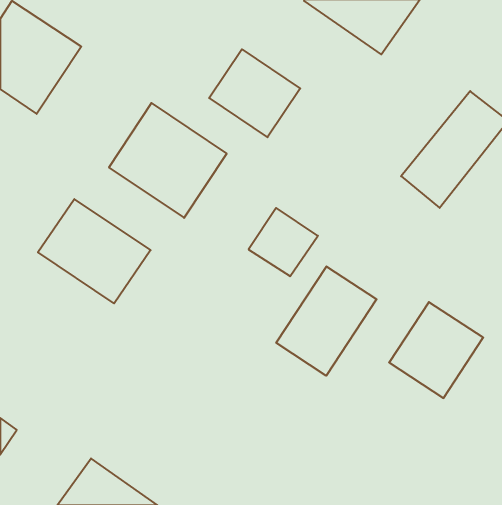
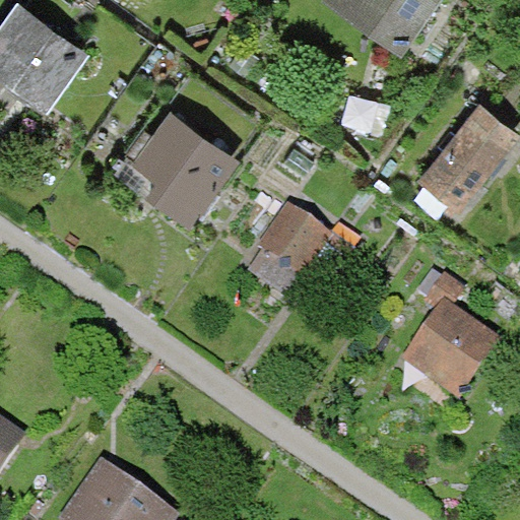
building: [209,49,300,137] -> none
building: [38,199,151,303] -> none
building: [276,266,377,376] -> none

